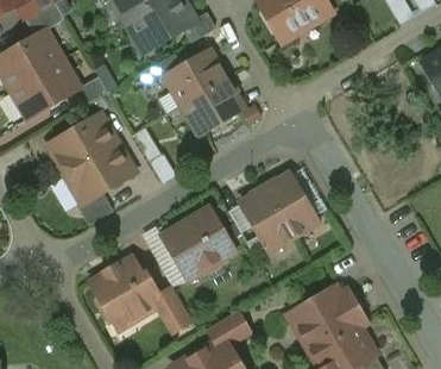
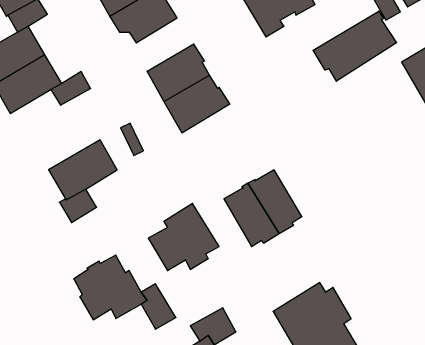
building: none -> [313,11,397,81]
building: [56,113,116,173] -> none

